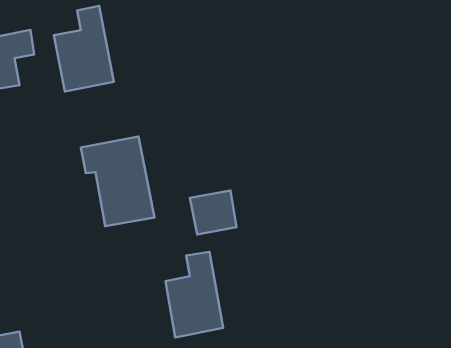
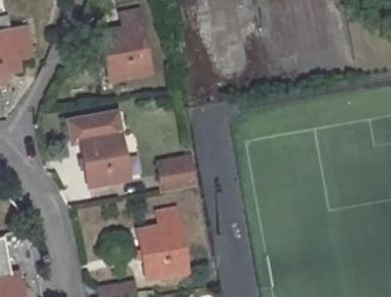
building: [54,6,114,92] -> [103,9,153,80]

